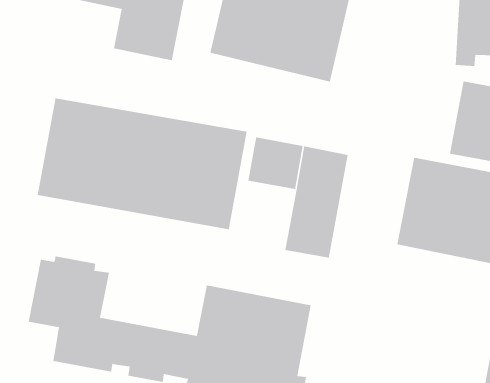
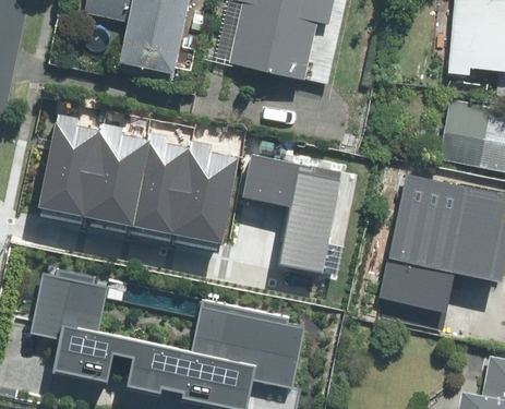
building: none -> [381,257,455,310]

